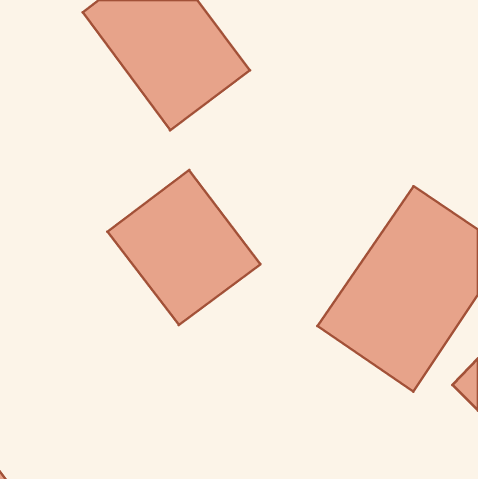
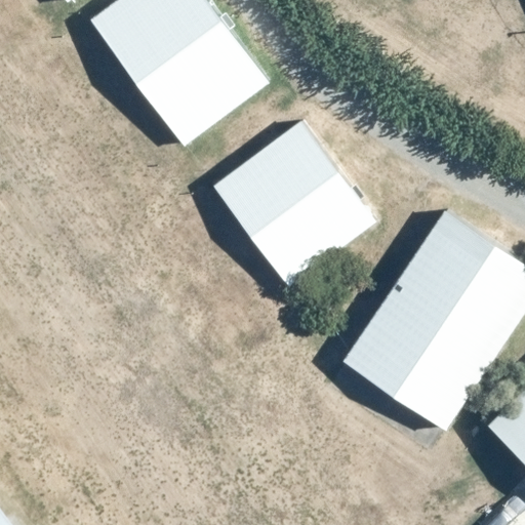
building: [107,170,260,325] -> [212,120,377,287]

